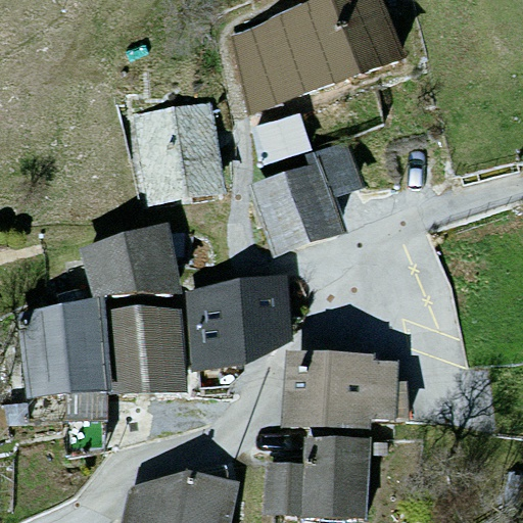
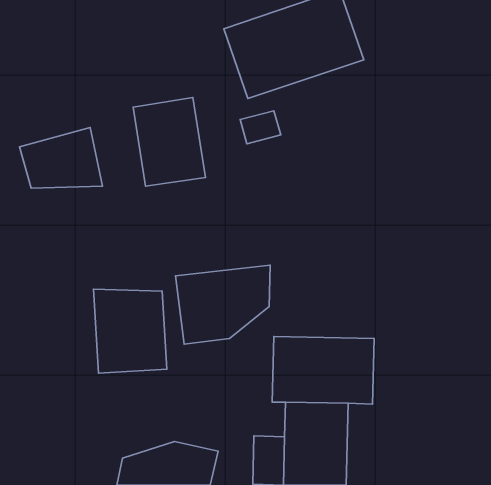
building: [254,151,361,249] -> none
building: [87,230,175,294] -> [20,127,103,188]
building: [28,306,104,399] -> none

